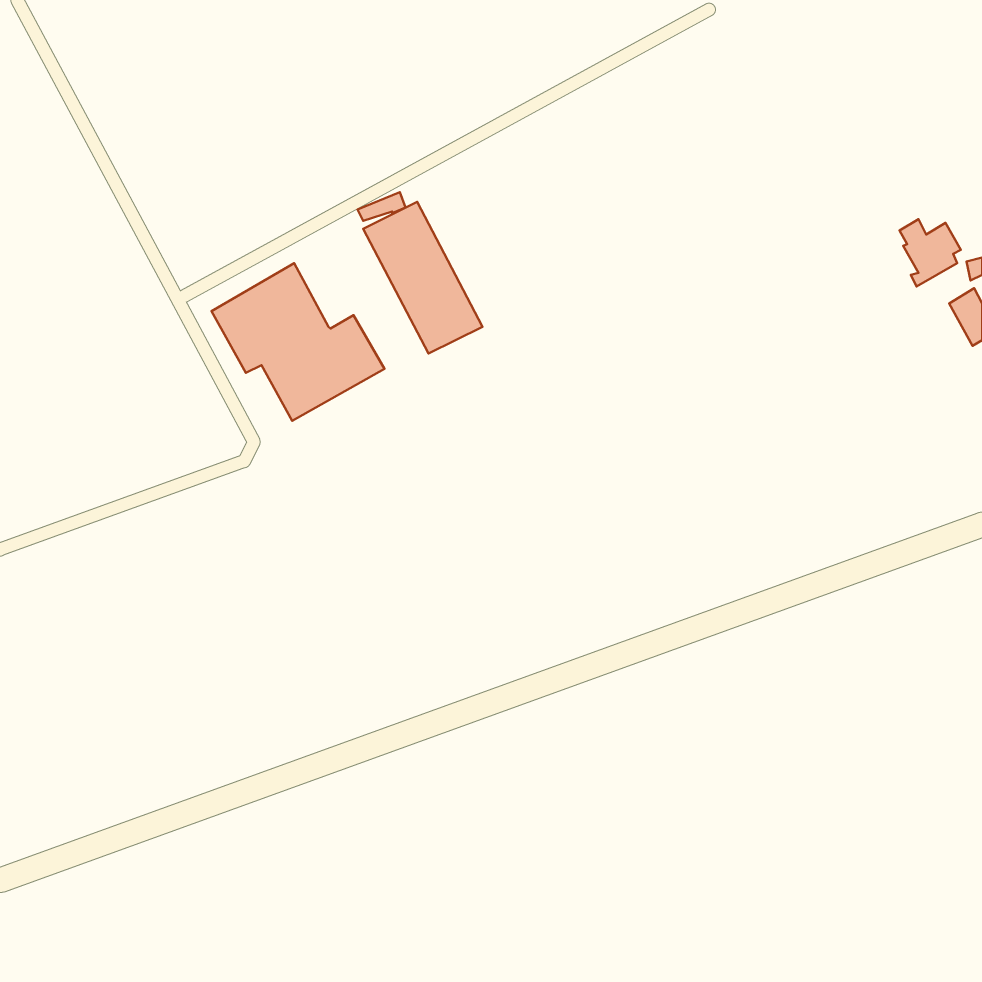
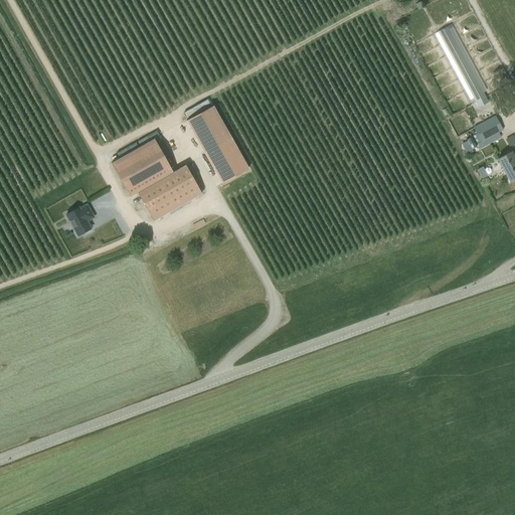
building: none -> [435,24,488,108]
building: none -> [66,205,94,235]

